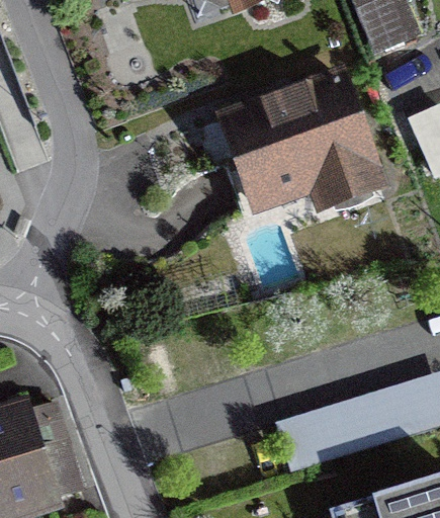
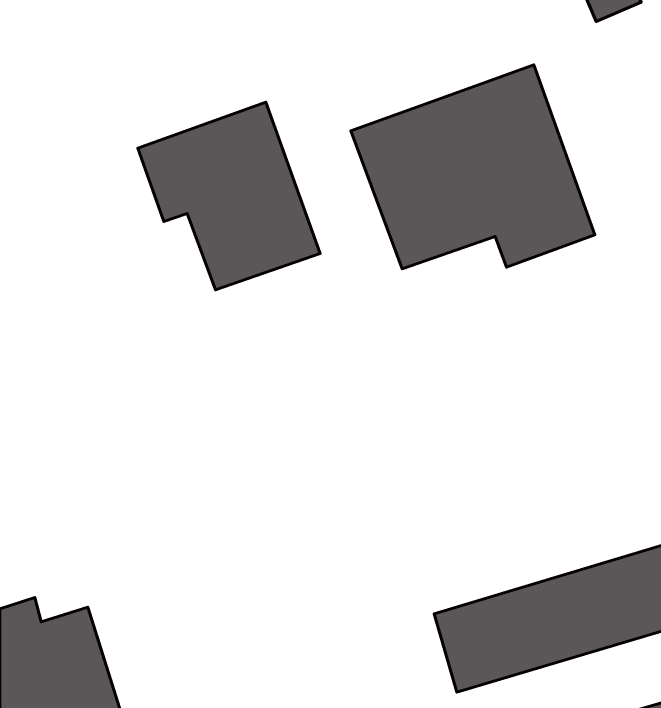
building: none -> [138,102,320,290]

